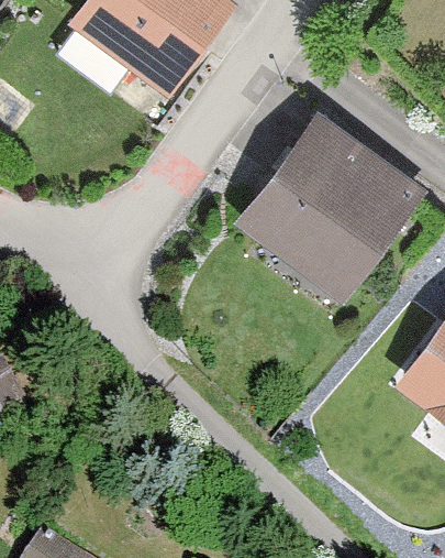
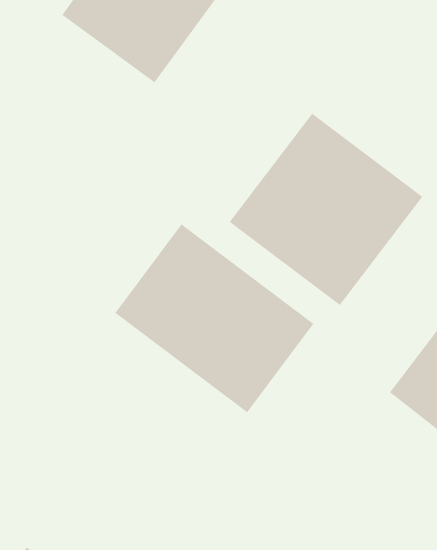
building: none -> [114,224,314,413]

